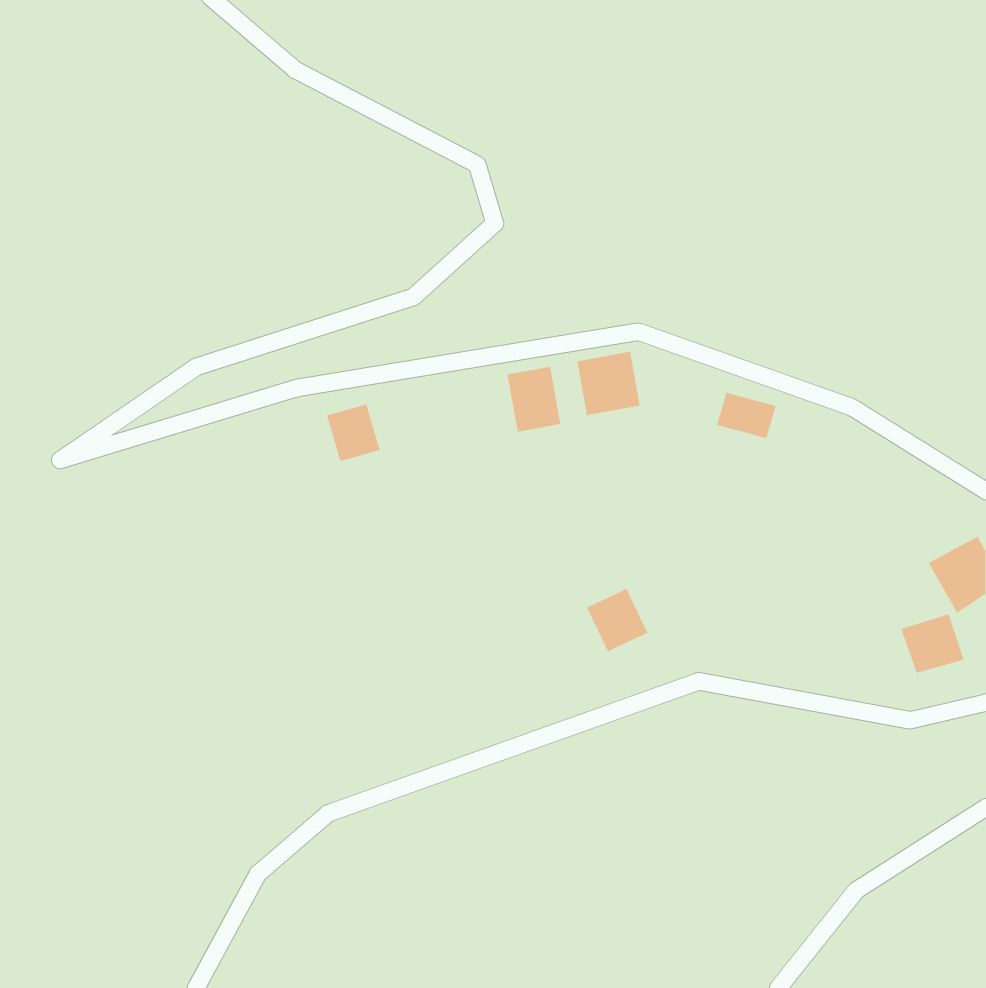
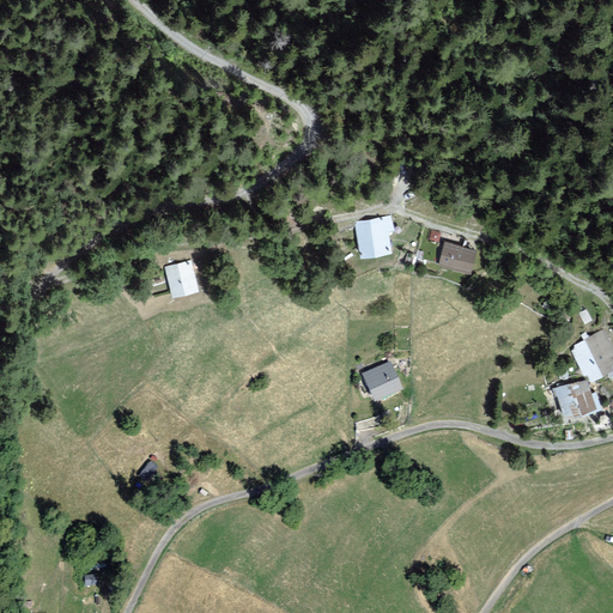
building: [507,366,561,432] -> none
building: [326,404,381,462] -> [163,260,196,296]

